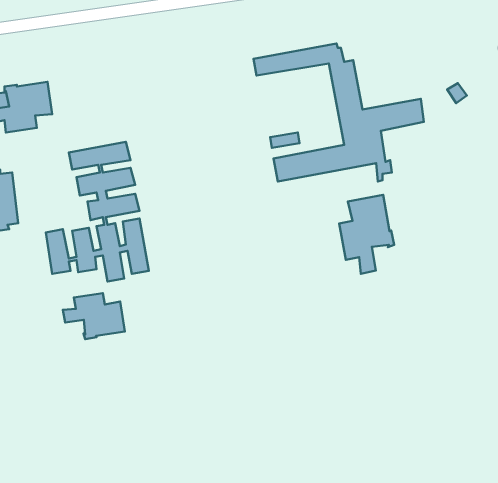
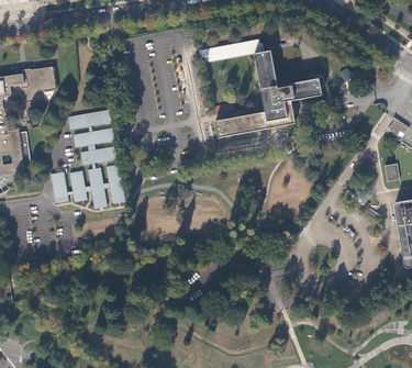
building: [339,195,394,274] -> none
building: [63,293,125,339] -> none

